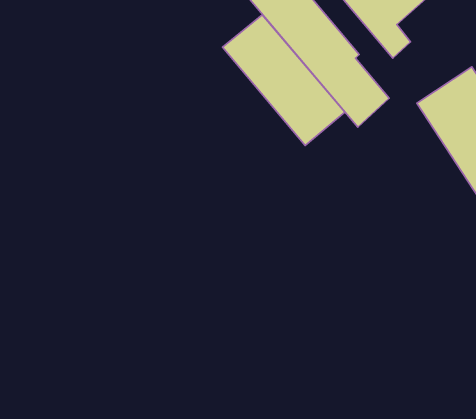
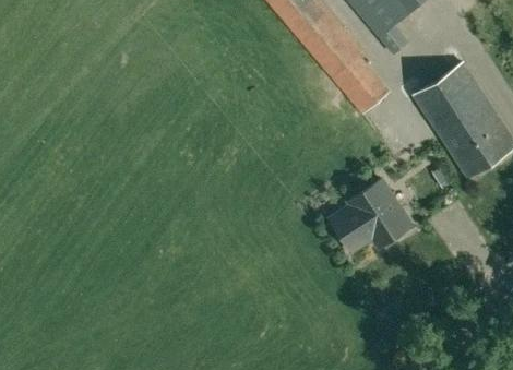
building: [223,15,345,145] -> none
building: none -> [331,179,411,251]

